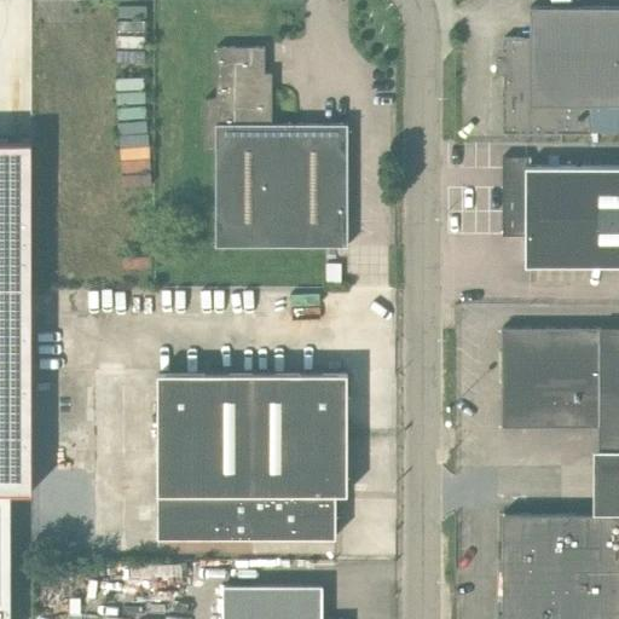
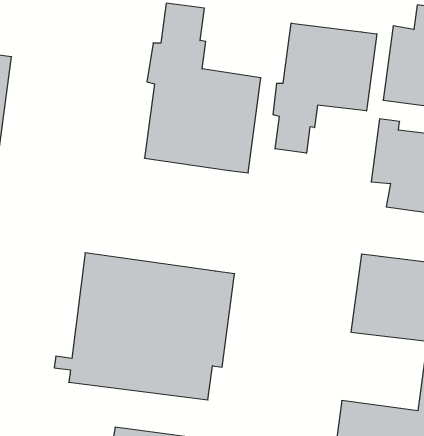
building: none -> [273,23,377,153]

